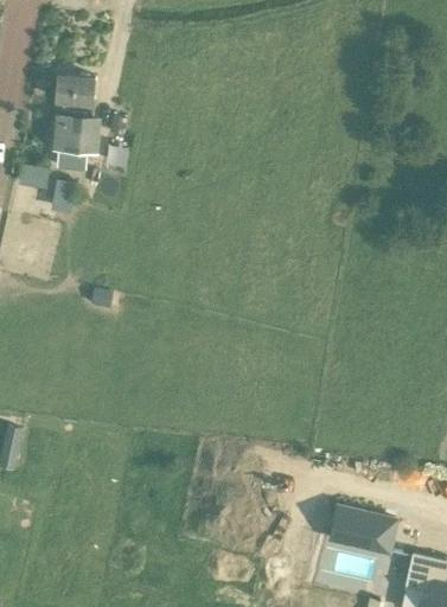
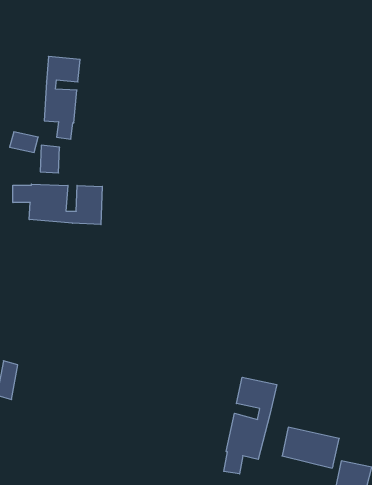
building: none -> [13,184,102,225]
building: none -> [224,377,277,474]

